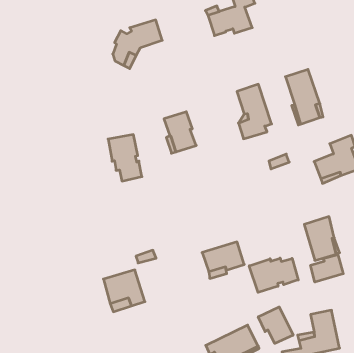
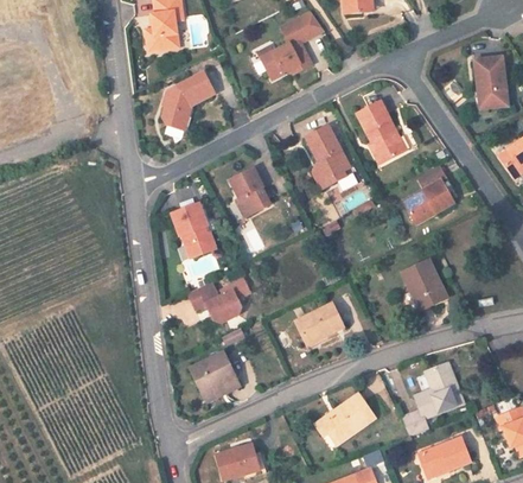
building: none -> [187,281,241,323]
building: [311,254,343,282] -> none
building: [249,258,298,292] -> none
building: [258,307,293,343] -> none

